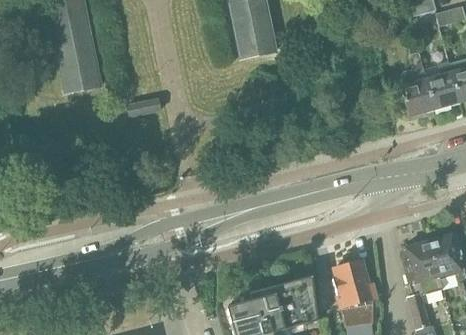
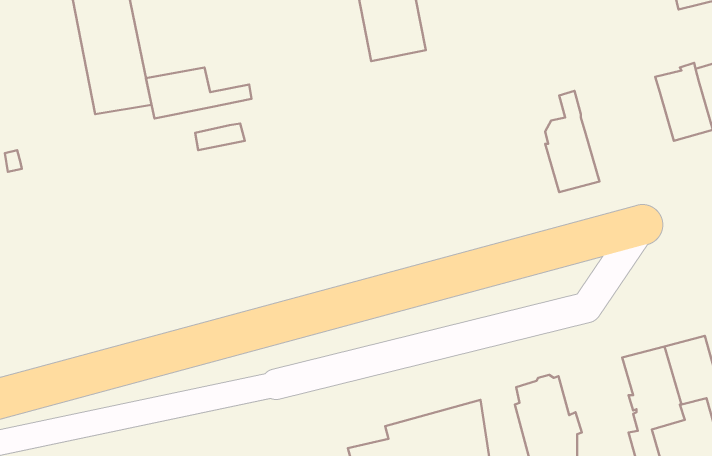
building: [401,51,436,116] -> [545,91,600,192]
building: none -> [146,67,251,119]

